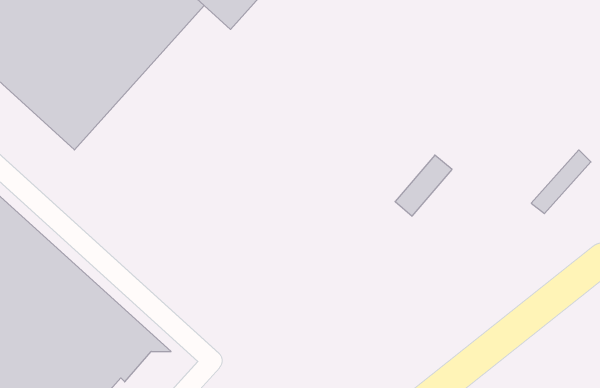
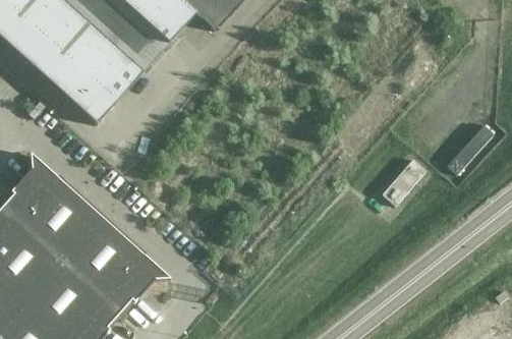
building: [395,155,452,216] -> [382,156,425,203]

